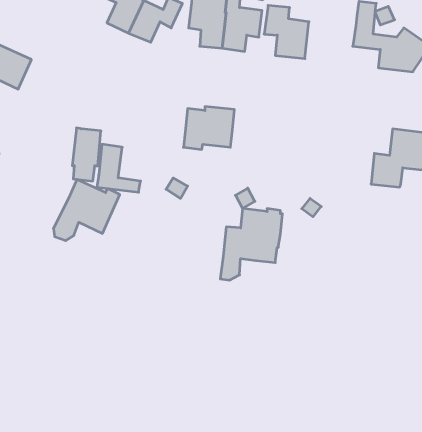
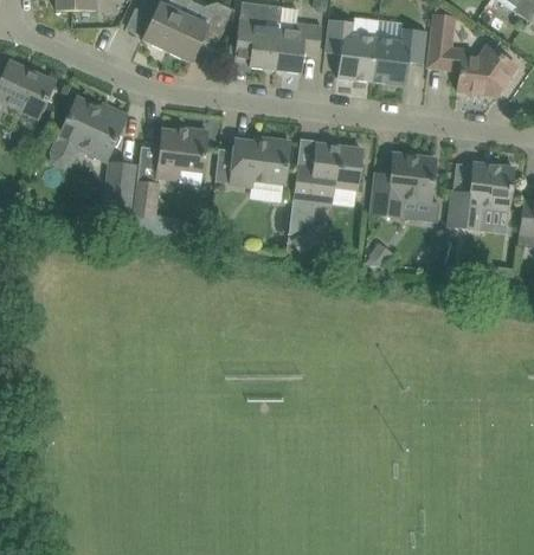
building: none -> [372,27,427,85]
building: none -> [157,128,208,181]
building: none -> [371,153,438,221]
building: [53,179,120,241] -> [50,97,127,168]
building: [220,209,282,280] -> [290,143,362,226]

